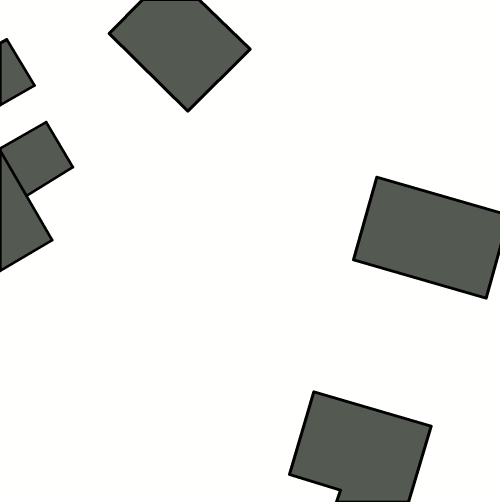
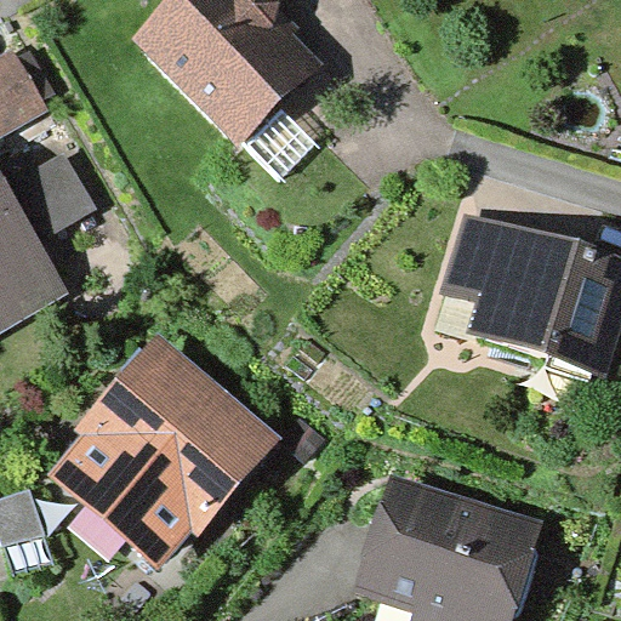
building: none -> [47,343,269,566]

